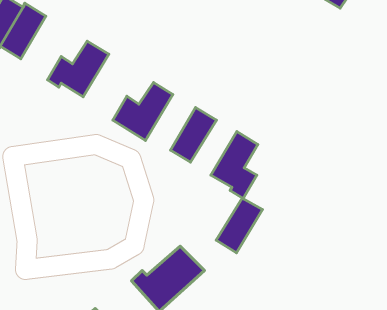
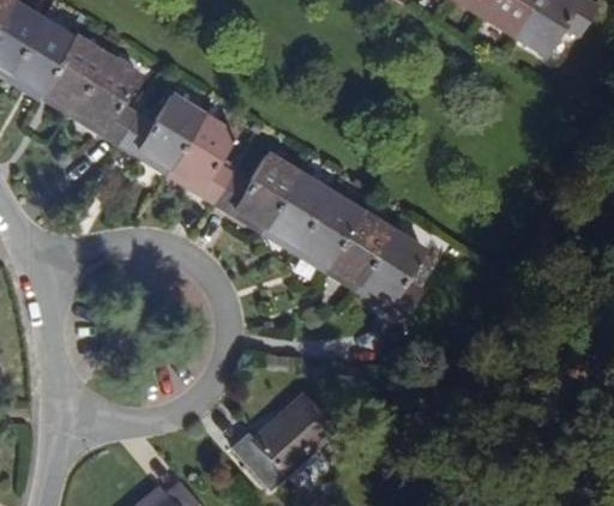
building: none -> [70,54,134,149]
building: none -> [162,110,230,209]
building: none -> [258,170,329,253]
building: [216,198,262,253] -> [321,209,390,290]

